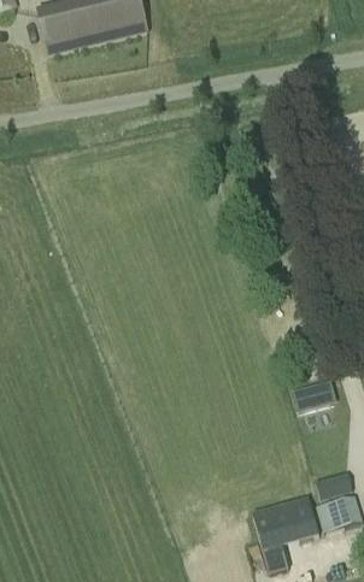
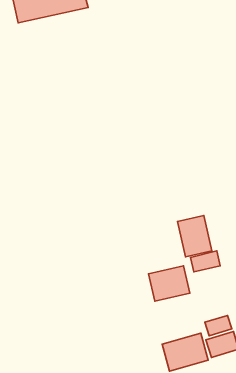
building: none -> [178,216,212,257]
building: none -> [149,266,190,301]

